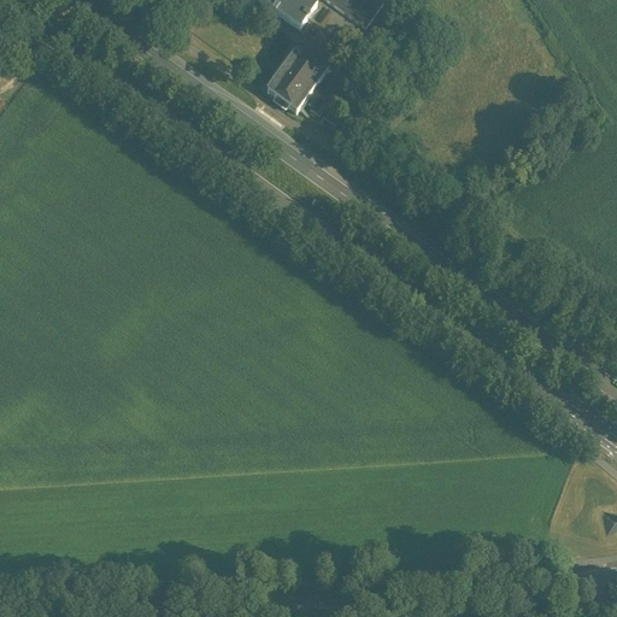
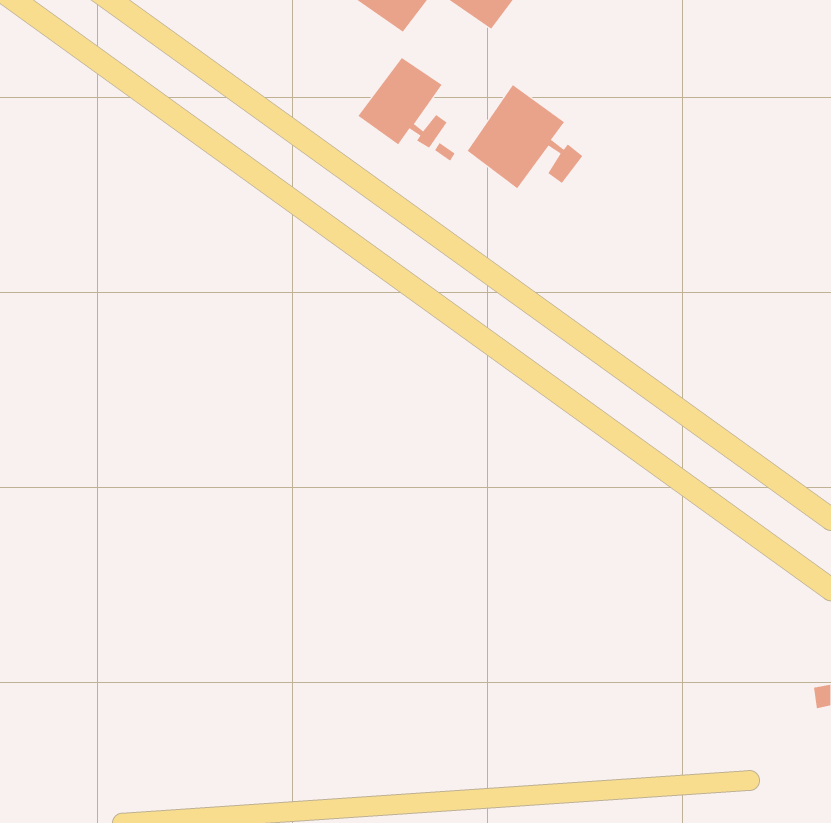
building: none -> [467,84,583,189]

